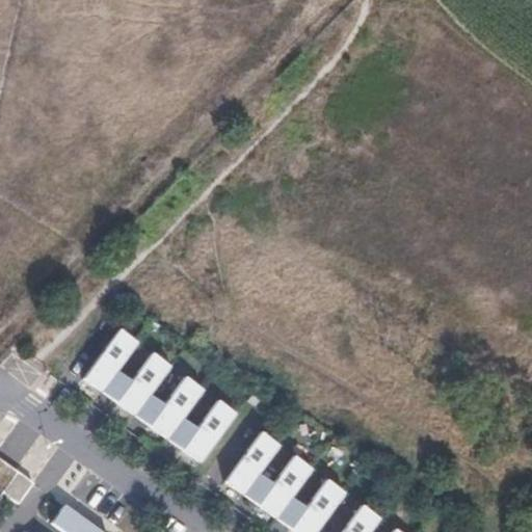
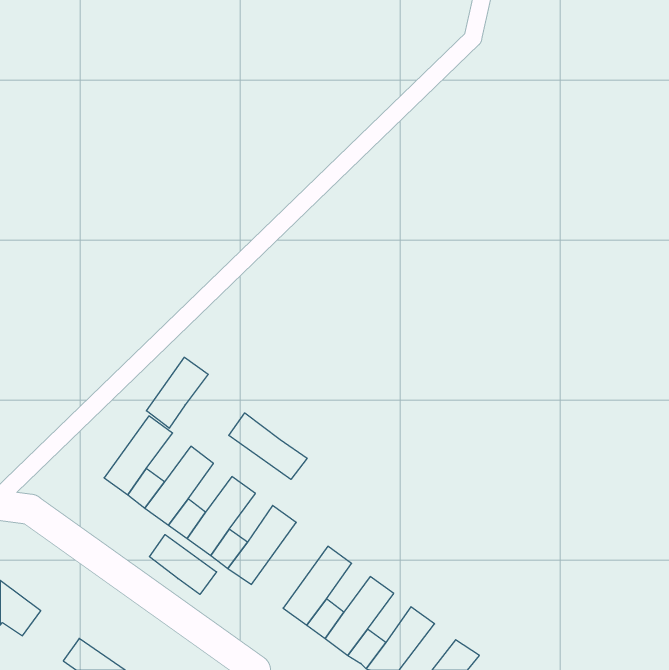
building: none -> [146,357,208,428]
building: none -> [229,413,307,479]
building: none -> [149,535,217,594]

